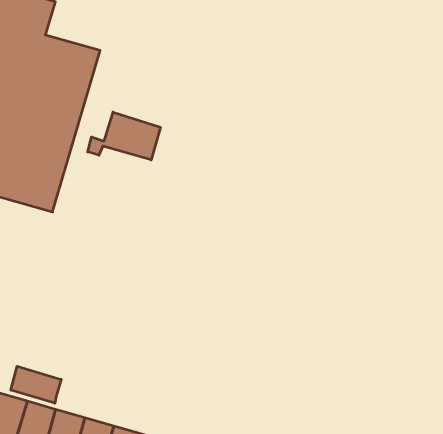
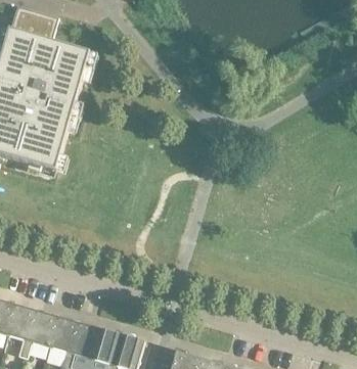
building: [88,112,160,160] -> none
building: [11,366,61,403] -> none

